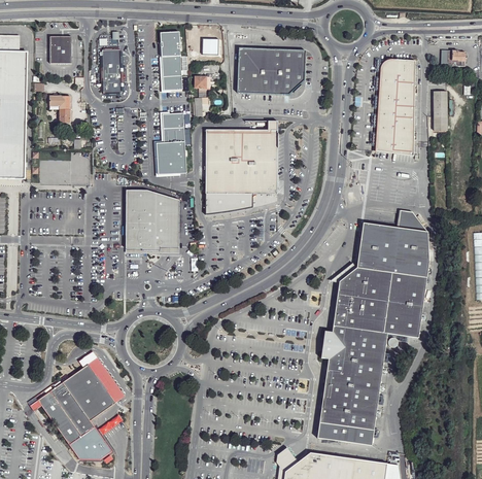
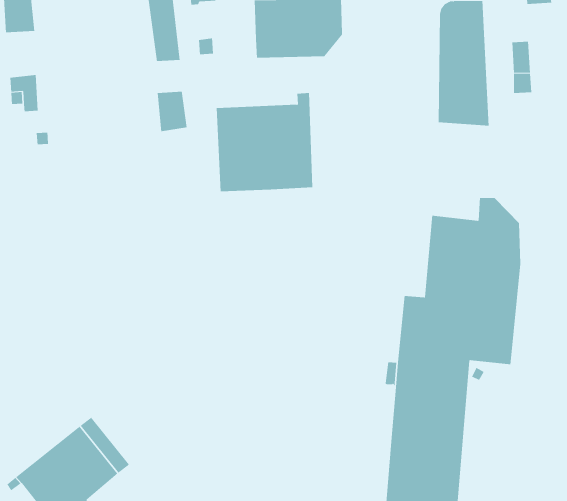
building: [101,50,119,94] -> none
building: [154,142,185,177] -> none
building: [127,193,181,252] -> none
building: [204,193,244,212] -> none

